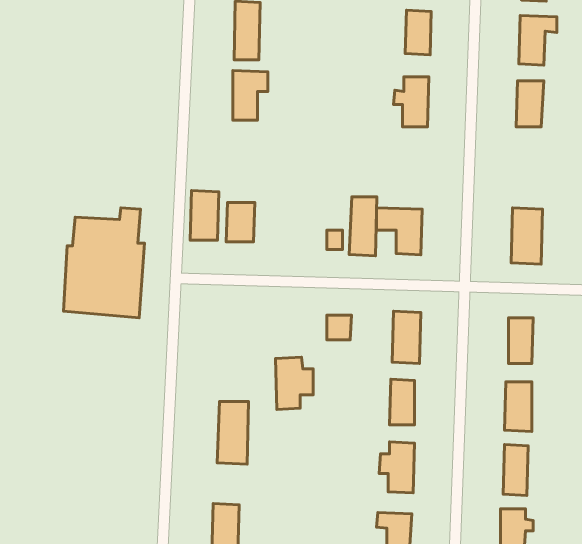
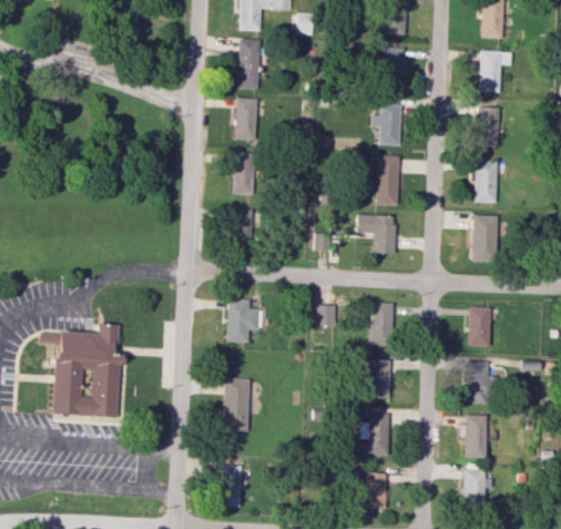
building: none -> [473,160,497,203]
building: [190,190,219,240] -> [232,152,256,194]
building: [349,197,377,256] -> [376,155,399,205]
building: [63,208,144,318] -> [54,326,123,419]
building: [275,357,313,409] -> [227,298,259,343]

